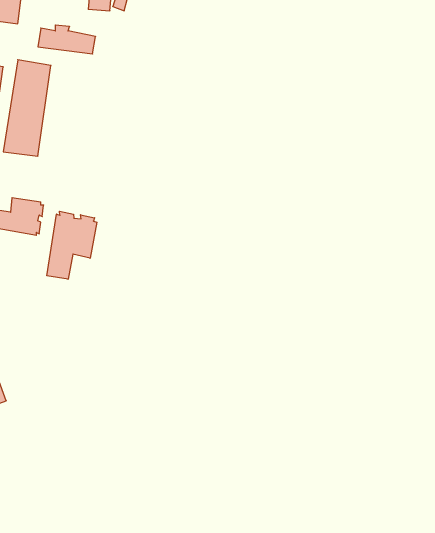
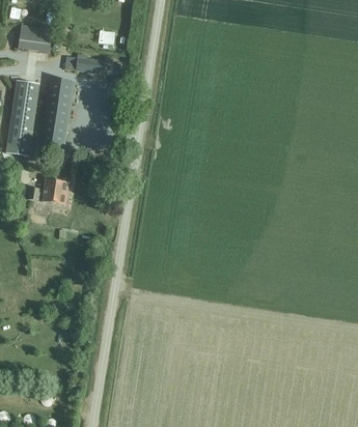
building: [47,211,97,279] -> none

